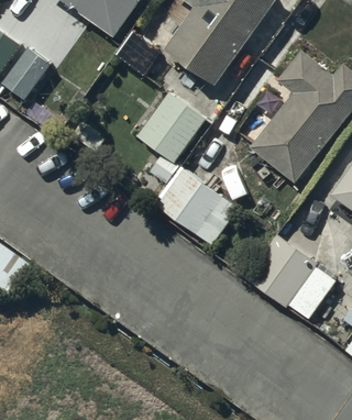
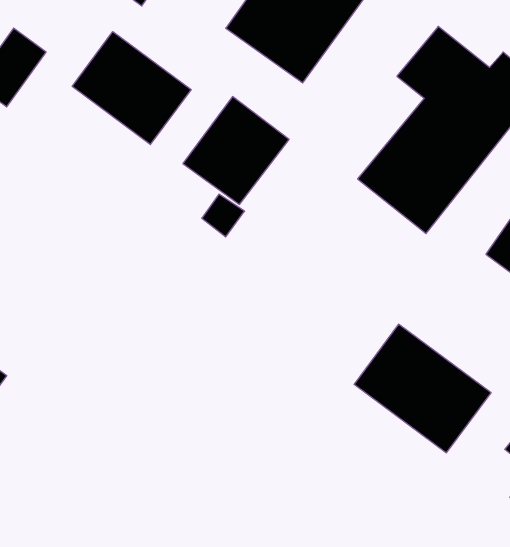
building: none -> [72,32,191,145]
building: [157,169,238,245] -> none

